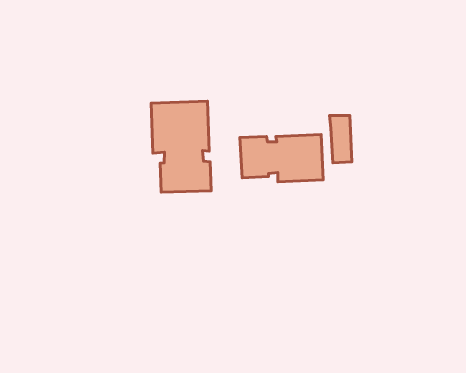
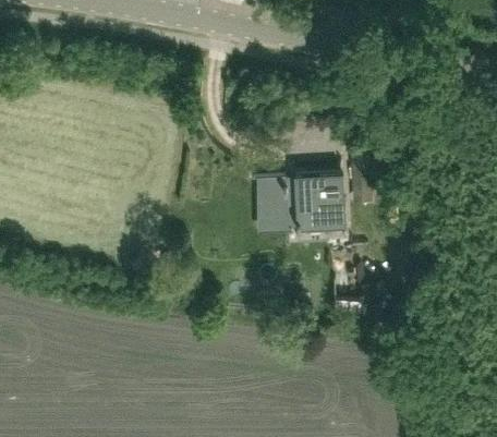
building: [151,101,211,192] -> none

